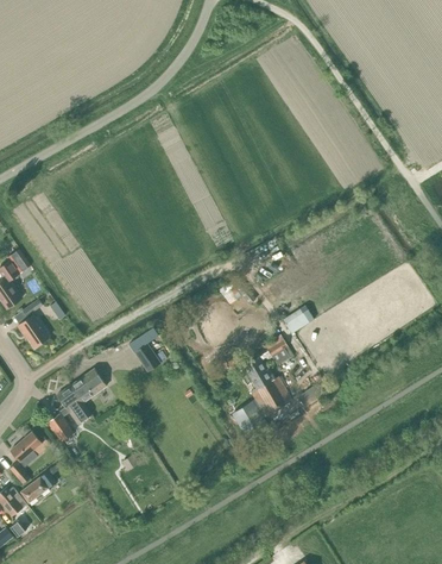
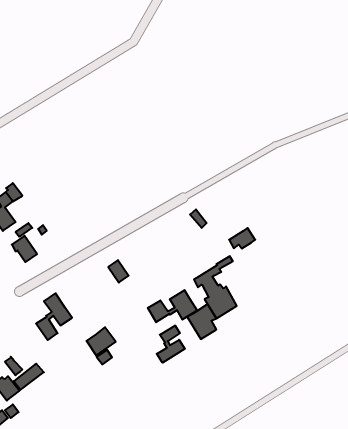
building: [70,368,106,402] -> [86,327,116,356]
building: none -> [148,290,197,322]
building: none -> [157,325,185,363]
building: [10,432,40,466] -> none

